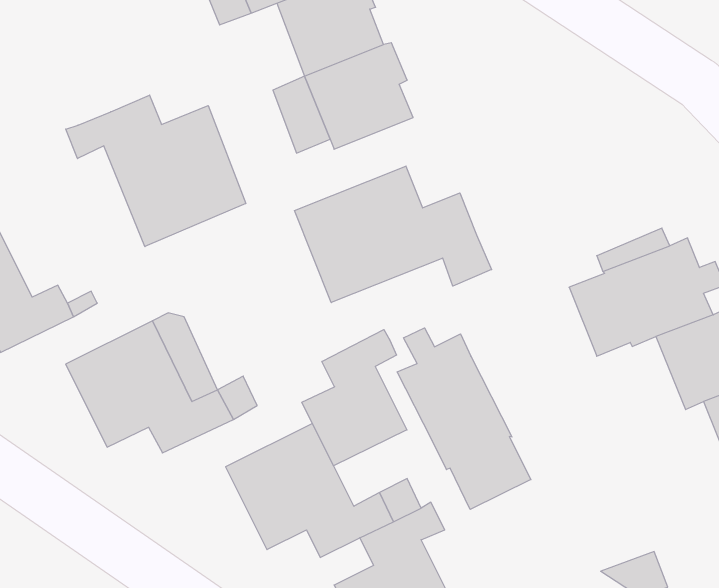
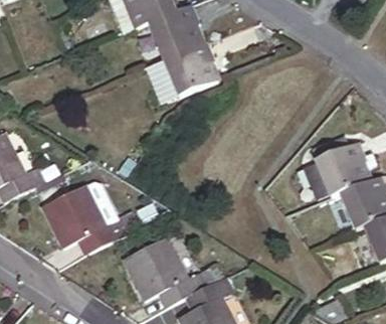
building: [66,95,246,247] -> none
building: [294,166,492,303] -> none
building: [397,328,531,509] -> none
building: [302,330,407,466] -> none

